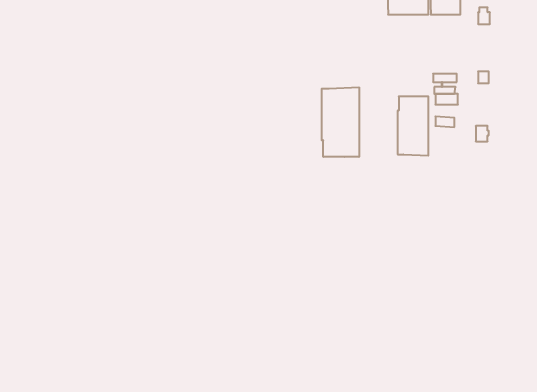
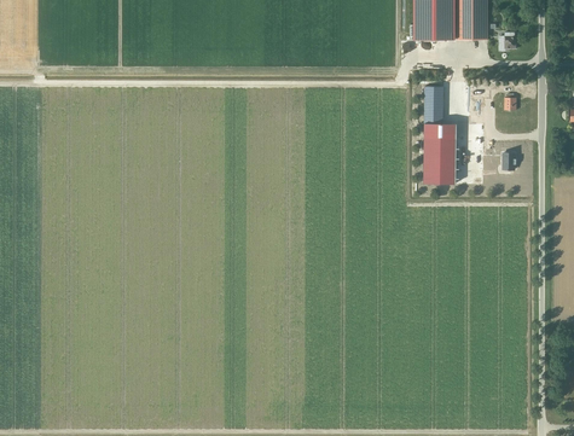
building: none -> [422,85,442,122]
building: [322,87,359,157] -> none

